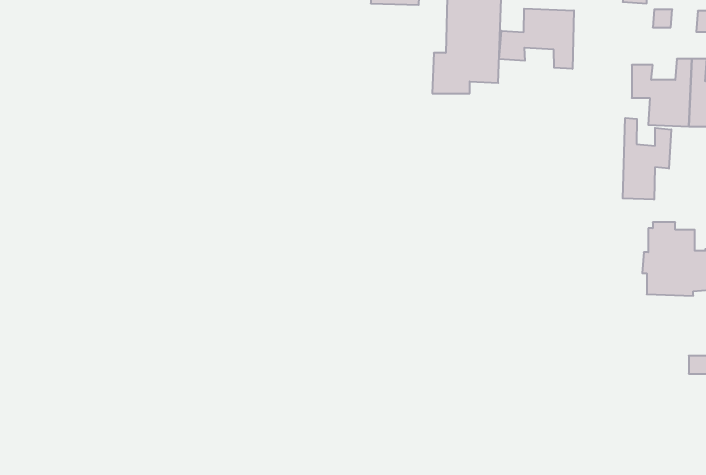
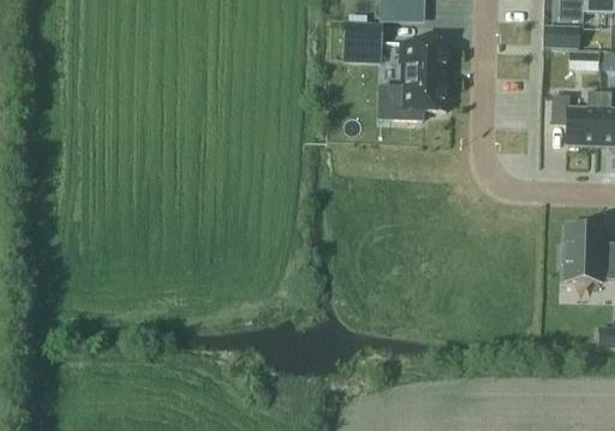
building: [499,9,574,69] -> none
building: [623,118,671,200] -> none

